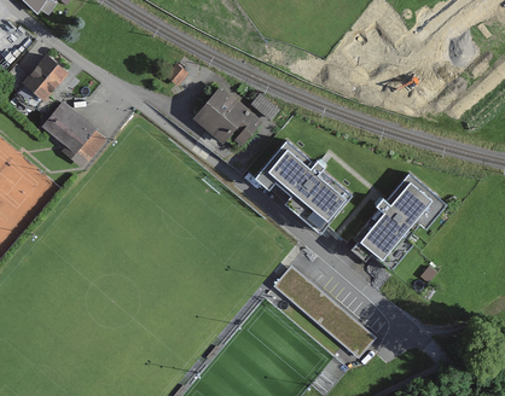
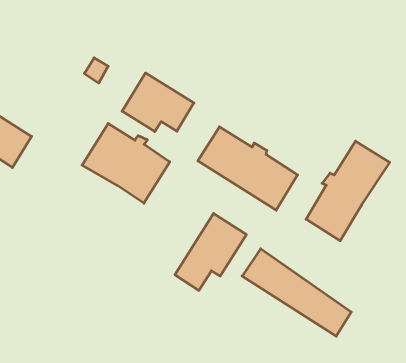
building: none -> [82,123,170,203]
building: none -> [175,213,246,290]

